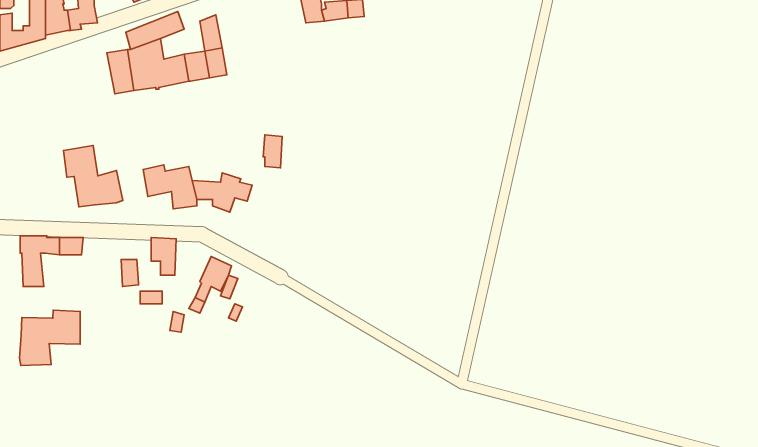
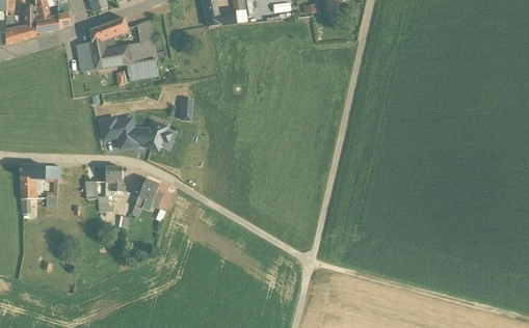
building: none -> [132,59,158,80]
building: [64,145,123,207] -> none
building: [19,310,80,366] -> none

